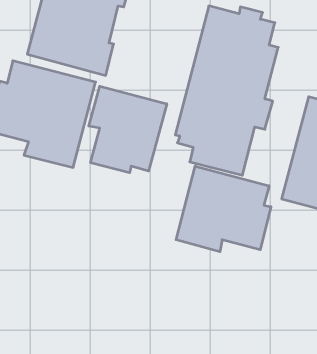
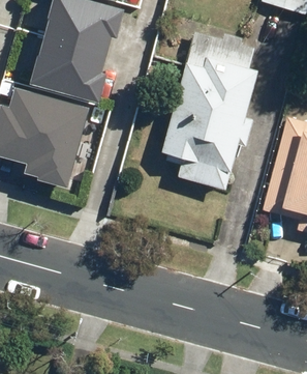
building: [89,86,167,173] -> none
building: [176,166,271,252] -> none

